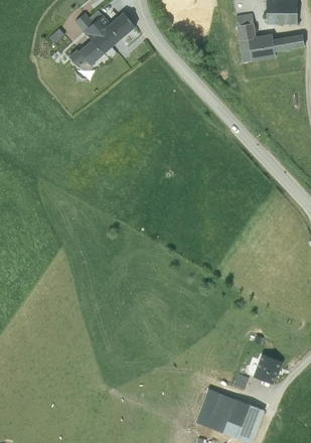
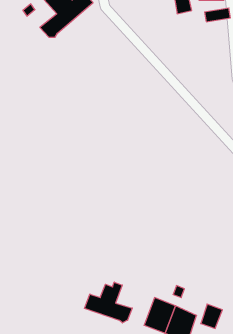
building: [240,37,275,62] -> none
building: [253,357,280,388] -> [201,304,222,328]
building: none -> [84,282,132,323]

